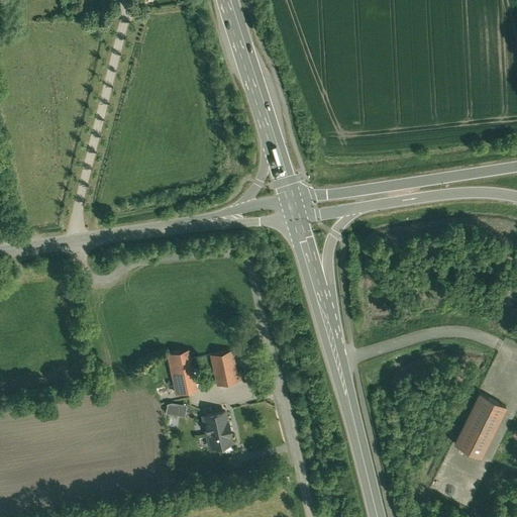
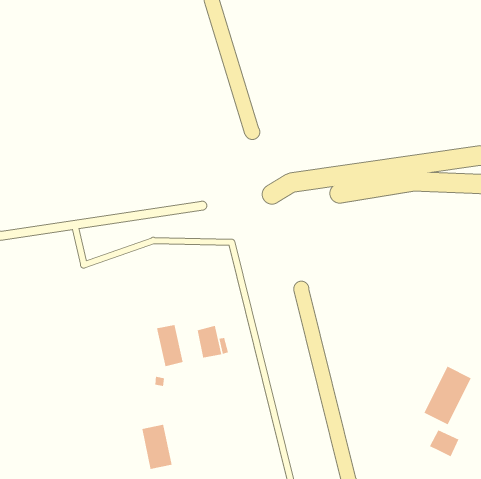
building: [200,408,233,456] -> [141,424,172,469]
building: none -> [429,429,459,457]

